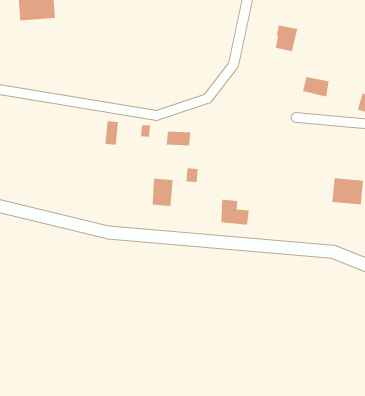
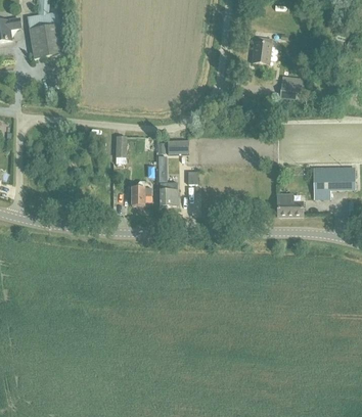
building: none -> [131,180,151,204]
building: [221,199,249,225] -> [277,194,302,215]

